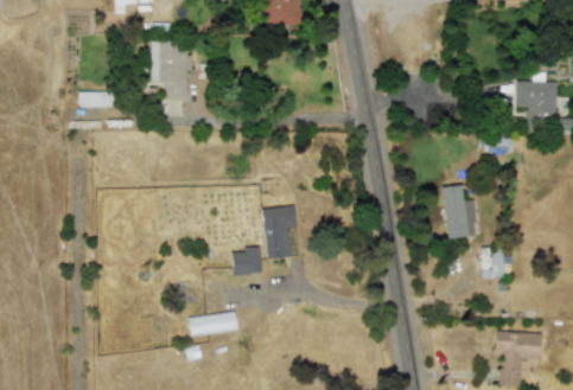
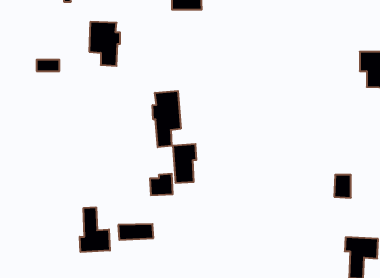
building: none -> [153,91,181,147]
building: [441,185,477,238] -> none
building: none -> [80,207,110,252]

